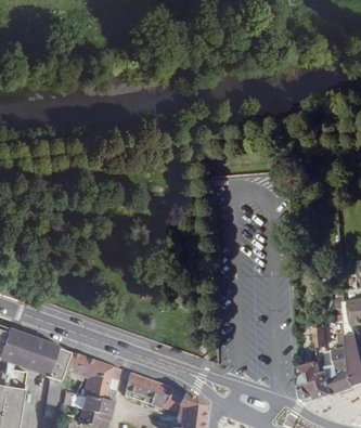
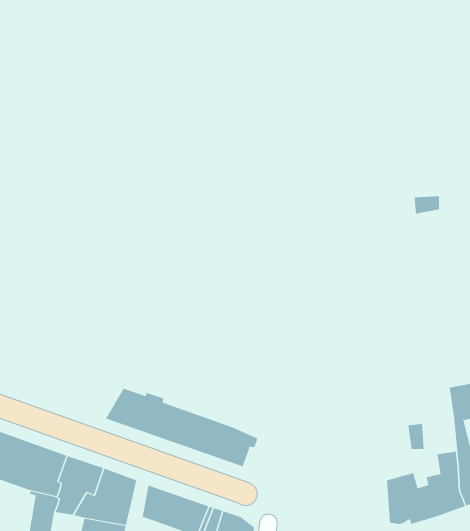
building: none -> [105,388,258,467]

